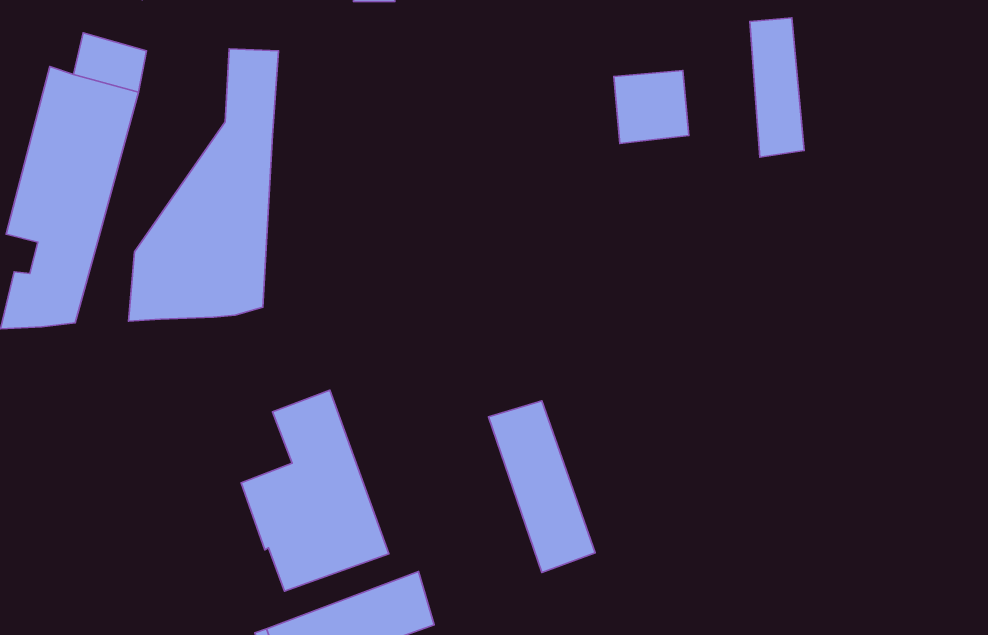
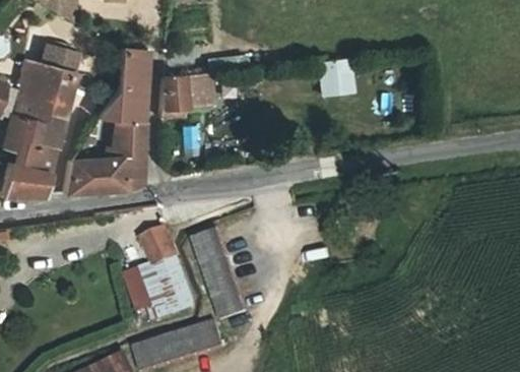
building: [750,18,804,157] -> none
building: none -> [160,71,211,109]
building: [489,401,595,573] -> [193,234,248,322]

